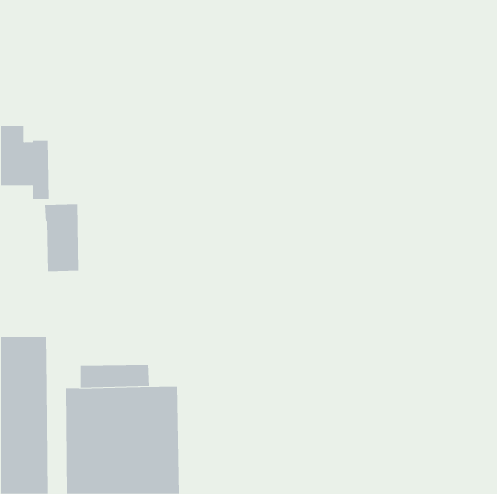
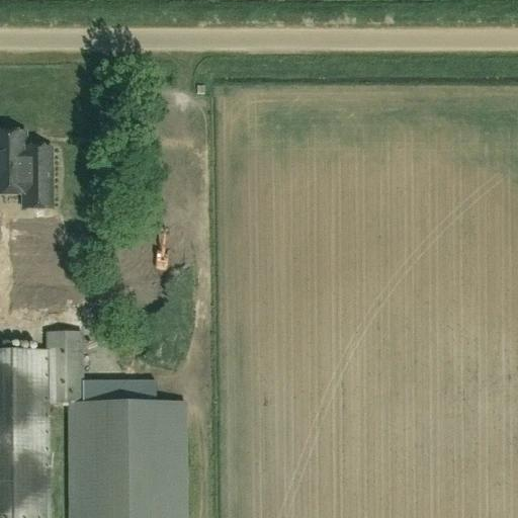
building: [44,204,79,272] -> [47,332,83,403]

